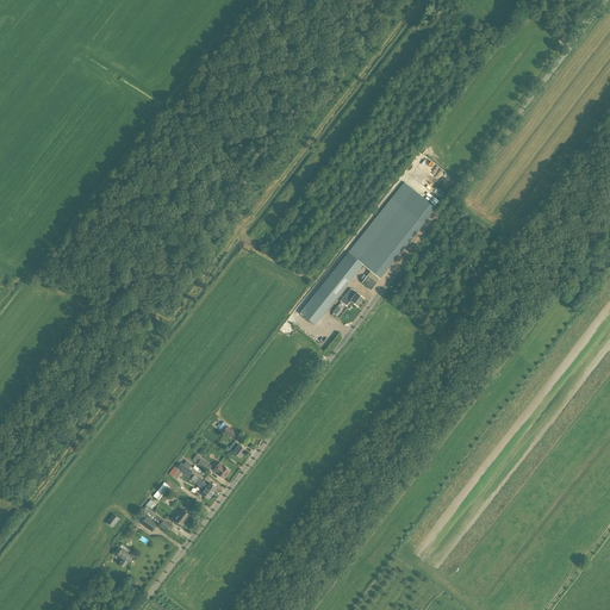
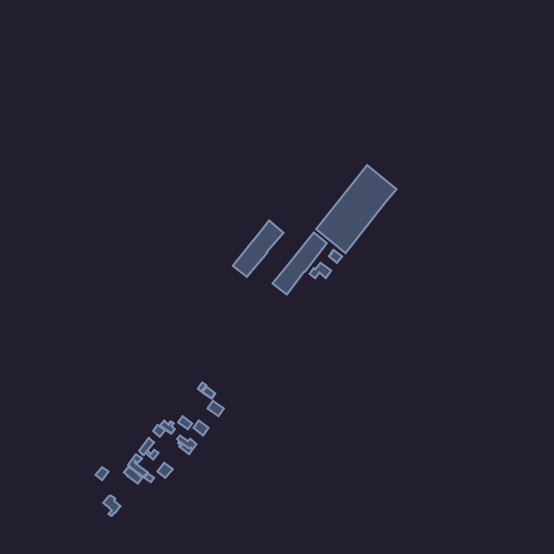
building: none -> [233,221,283,277]

